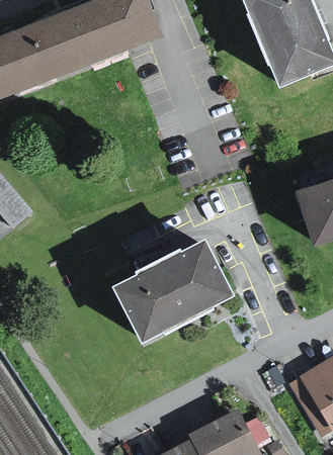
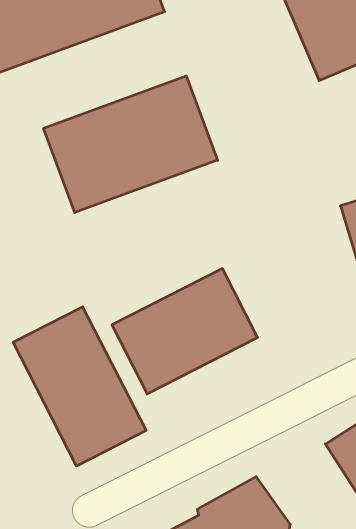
building: none -> [44,76,218,213]
building: none -> [13,307,146,466]

